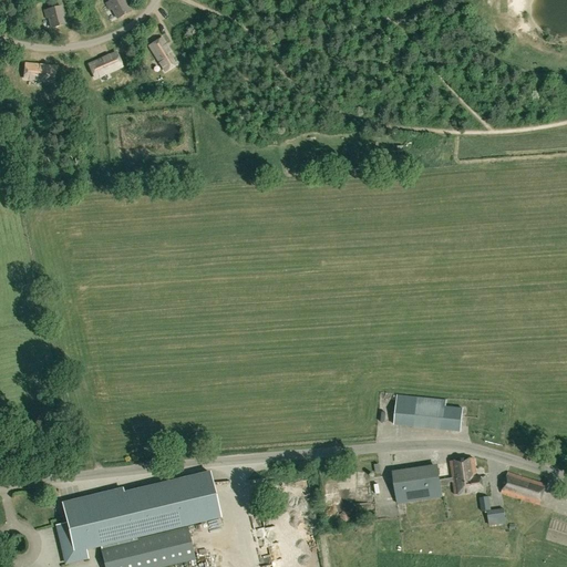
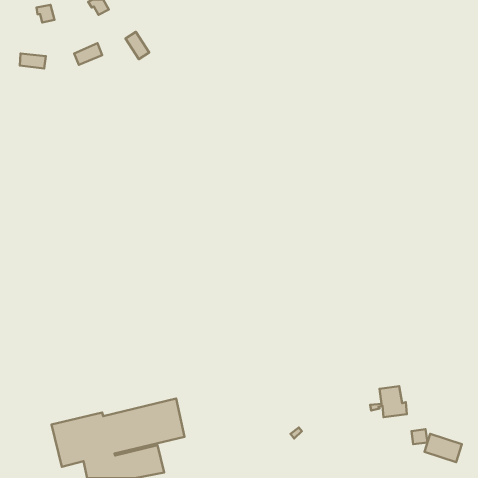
building: [392,393,462,431] -> none
building: [391,467,441,502] -> none
building: [499,471,544,504] -> [424,434,462,462]

